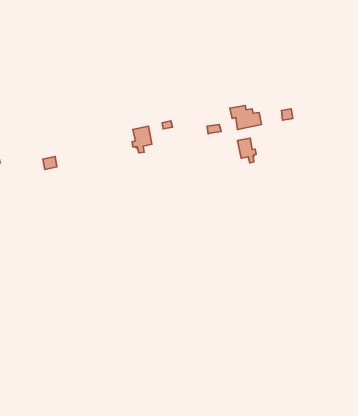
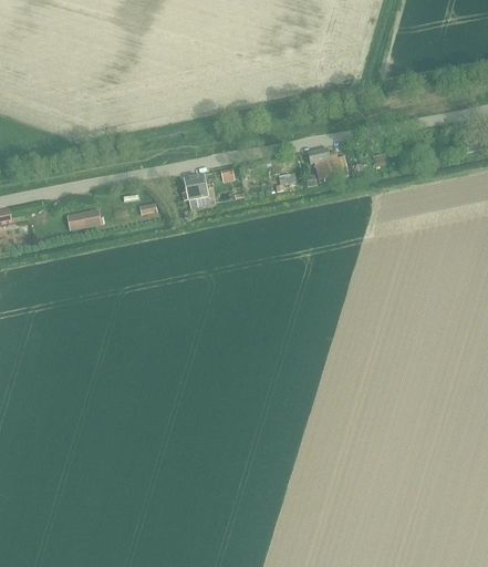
building: [237,138,256,163] -> none

